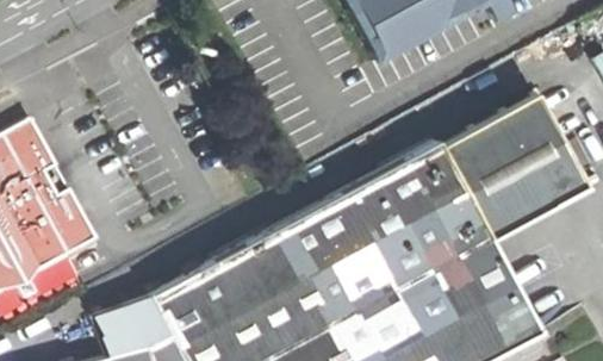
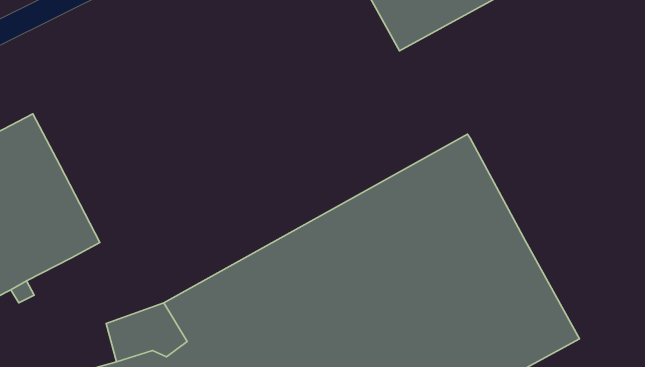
building: [439,93,585,241] -> none

